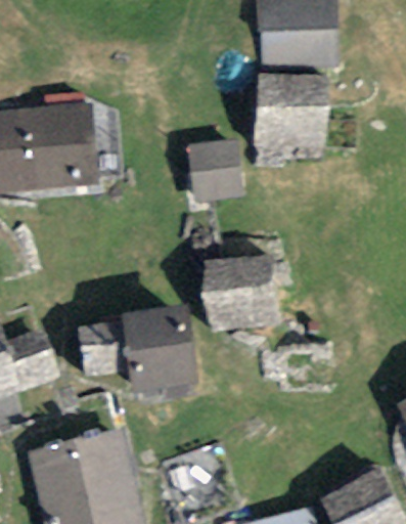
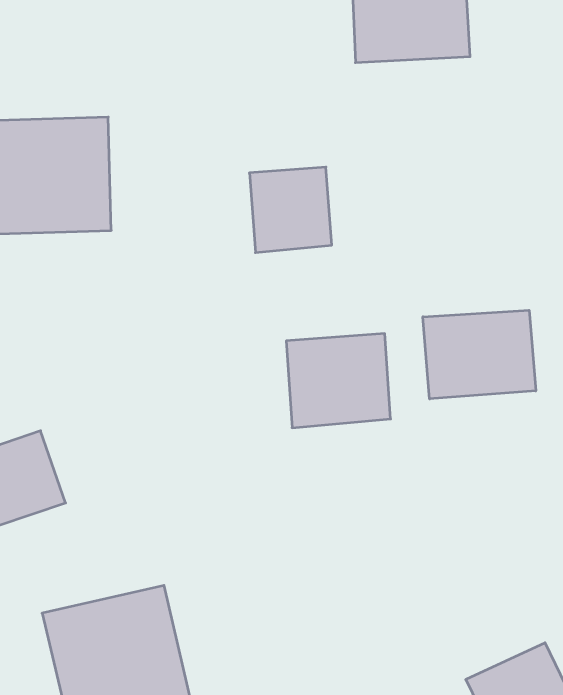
building: [253,77,327,159] -> none
building: none -> [423,310,536,399]
building: [85,315,198,387] -> none

